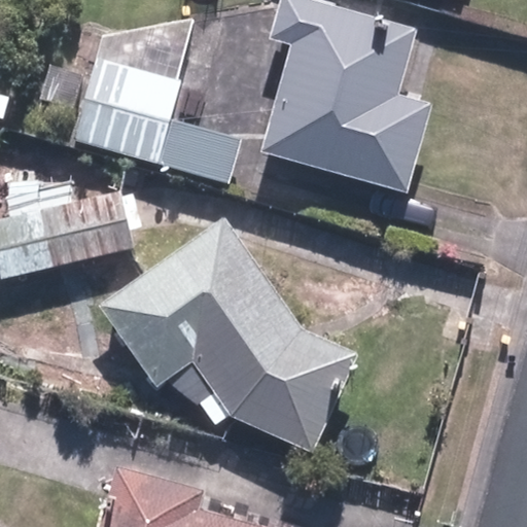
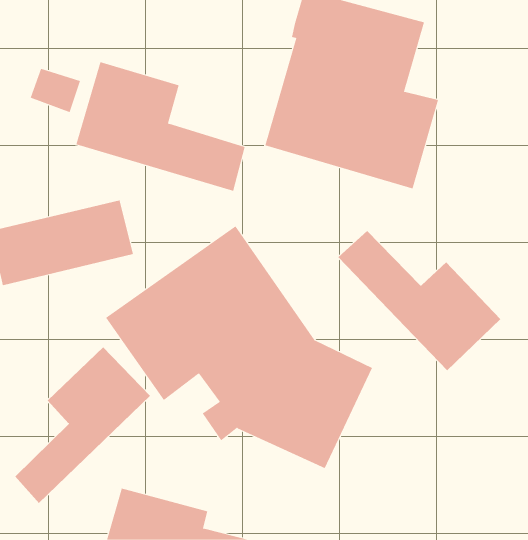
building: none -> [337,230,501,371]
building: none -> [14,346,151,504]

